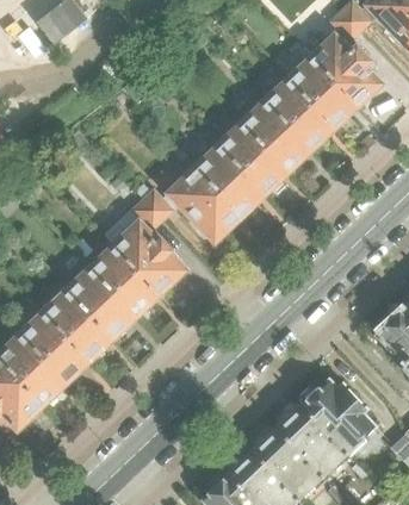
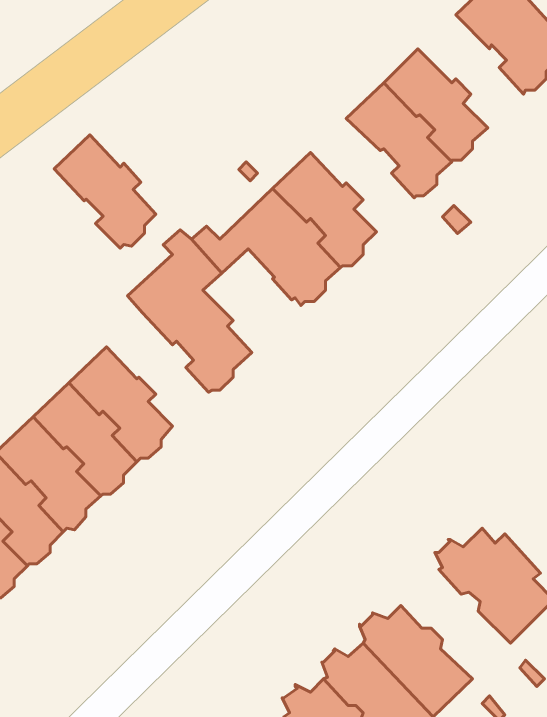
building: [289,57,355,129] -> none
building: [221,123,286,194] -> none
building: [92,245,156,317] -> [54,135,156,248]
building: [275,407,347,476] -> none

